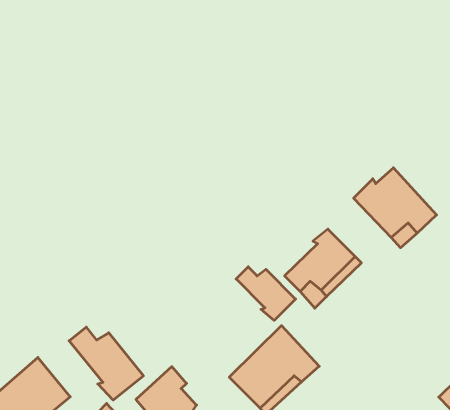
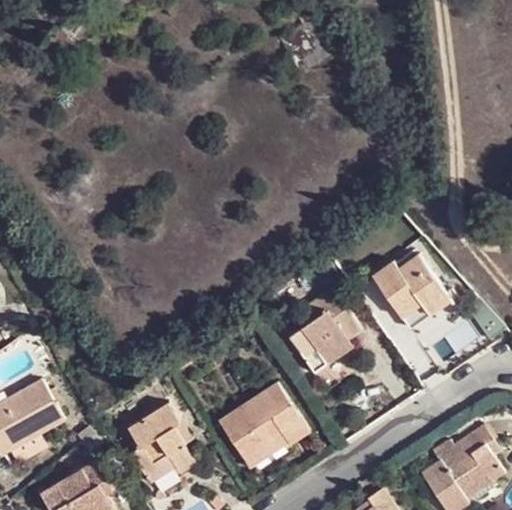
building: [236,267,296,320] -> none
building: [69,327,143,400] -> none

